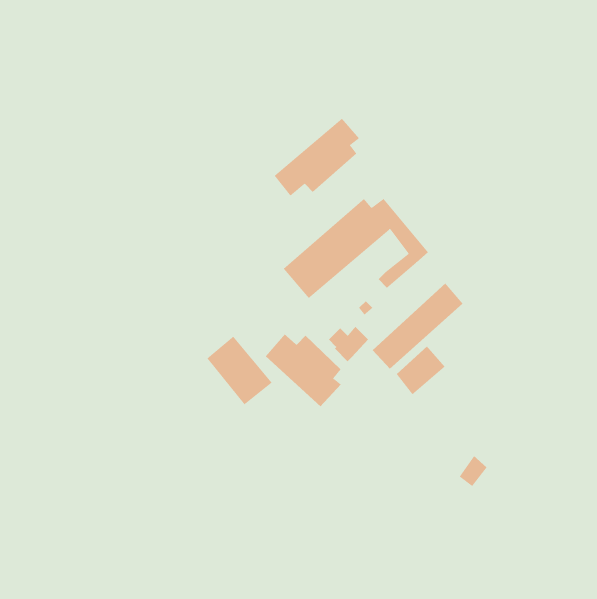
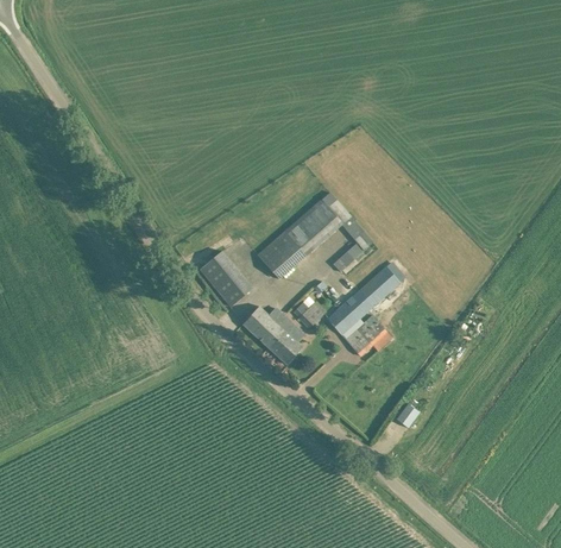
building: [274,118,360,196] -> none
building: [207,336,273,405] -> [200,252,252,307]

